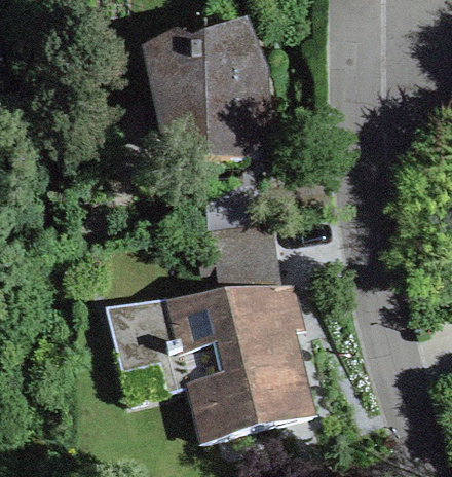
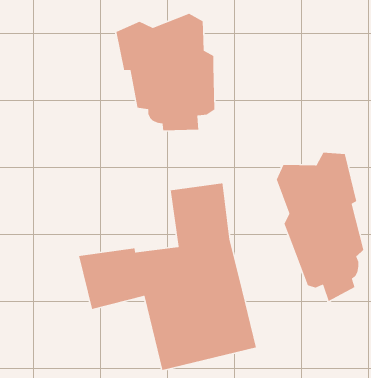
building: none -> [276,152,364,302]

